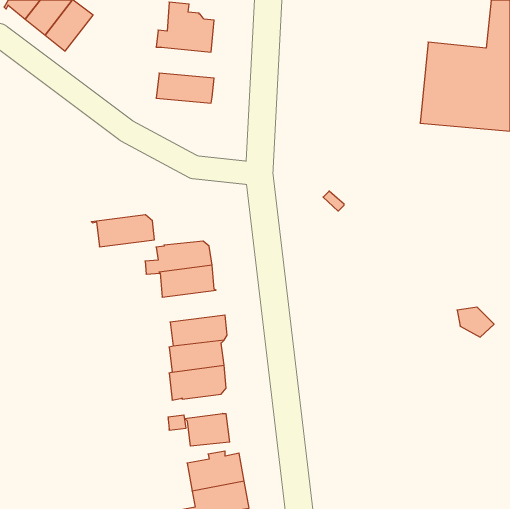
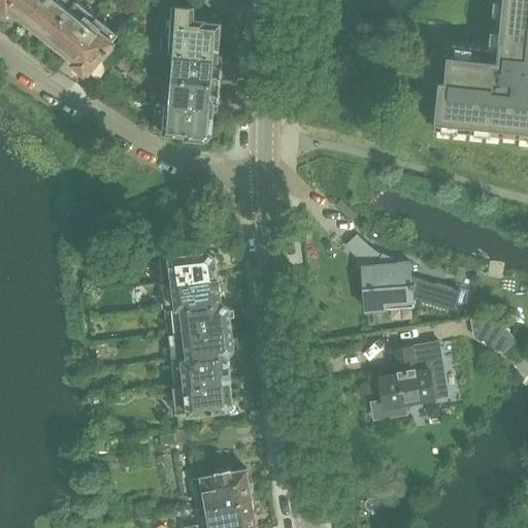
building: none -> [67,18,118,73]
building: none -> [164,51,223,82]
building: none -> [155,103,218,139]
building: [91,215,154,247] -> [167,301,232,334]
building: none -> [348,237,460,311]
building: none -> [371,342,448,419]
building: [185,413,230,446] -> none

